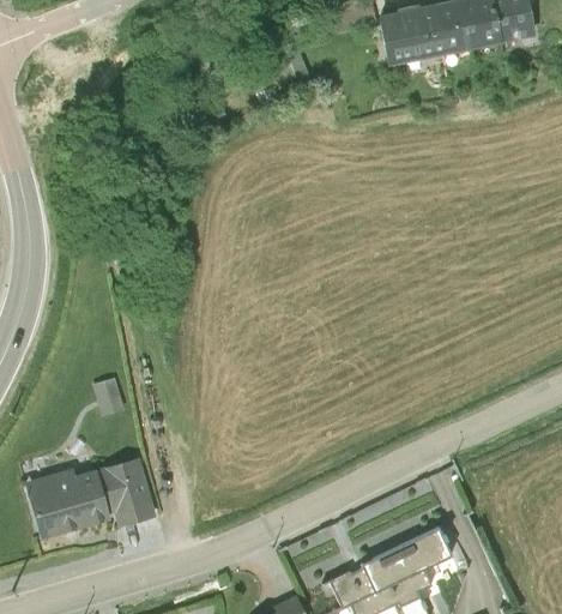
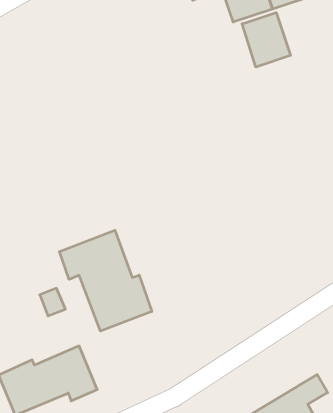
building: none -> [242,13,291,67]
building: none -> [59,230,152,331]

